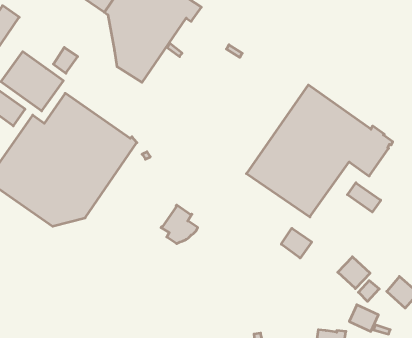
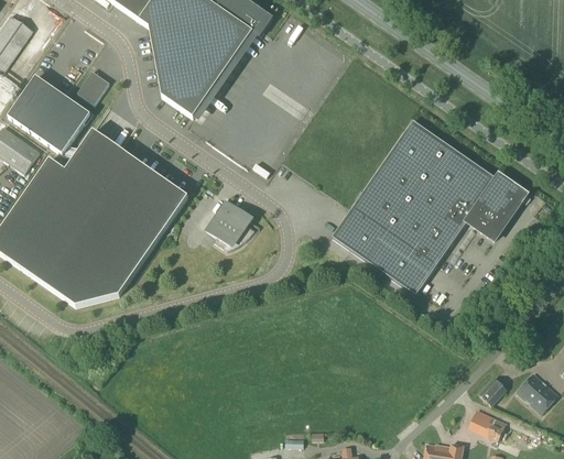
building: [347,183,381,212] -> none
building: [161,205,198,244] -> [206,199,254,250]
building: [281,228,312,258] -> none
building: [338,257,370,289] -> none

